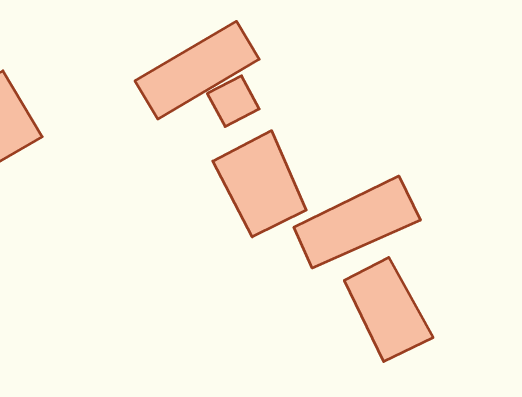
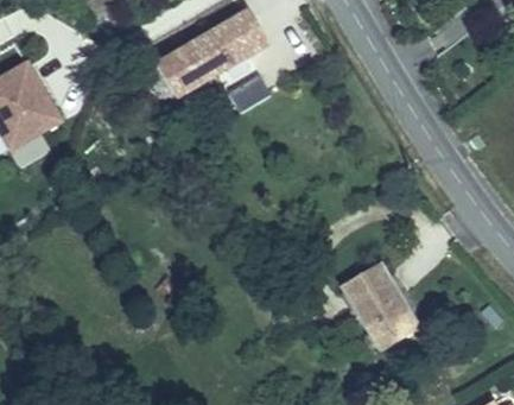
building: [213,131,306,237] -> none
building: [294,176,420,268] -> none

